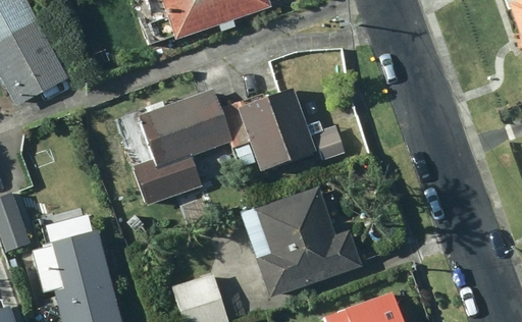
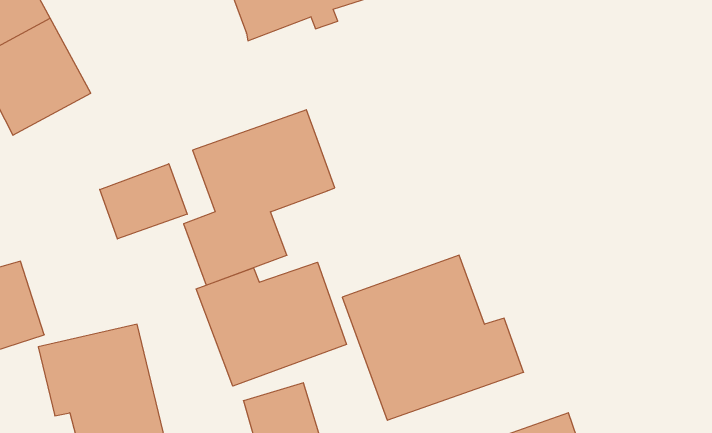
building: [222,87,317,172] -> none
building: none -> [100,164,187,239]
building: none -> [196,262,346,386]

